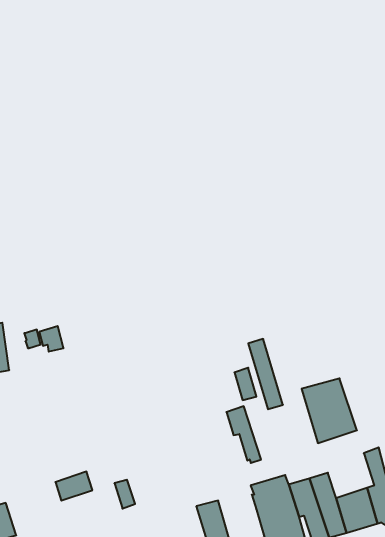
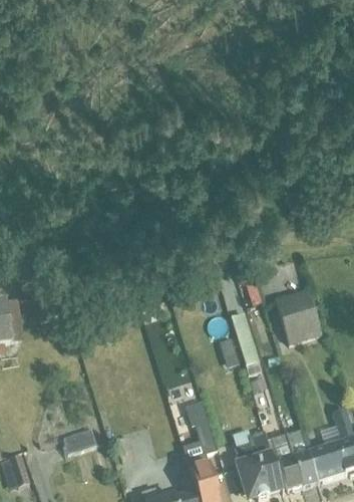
building: [302,378,357,443] -> [274,289,322,345]
building: [226,406,261,463] -> [185,402,215,451]

